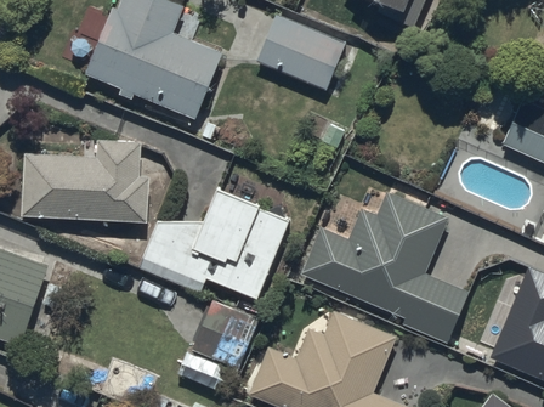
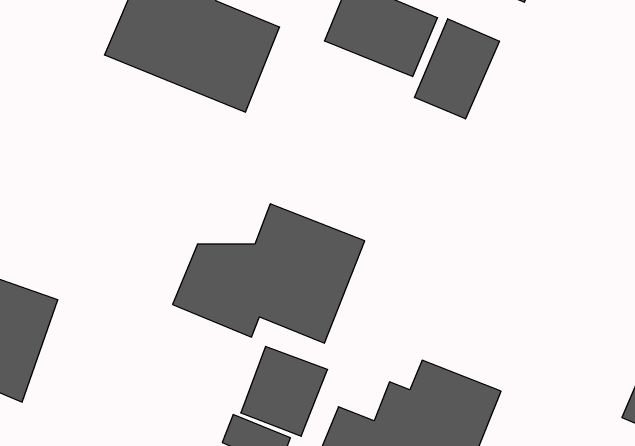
building: none -> [415,19,499,119]
building: [21,140,147,221] -> none
building: [300,193,467,344] -> none

